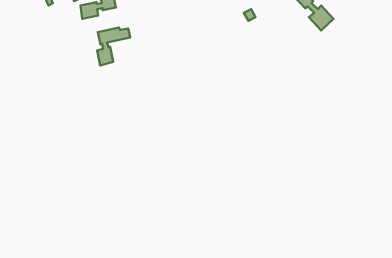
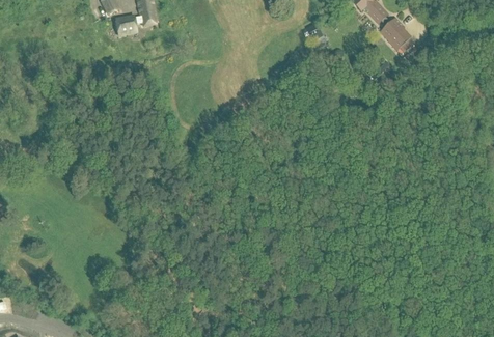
building: [97,28,130,66] -> none

